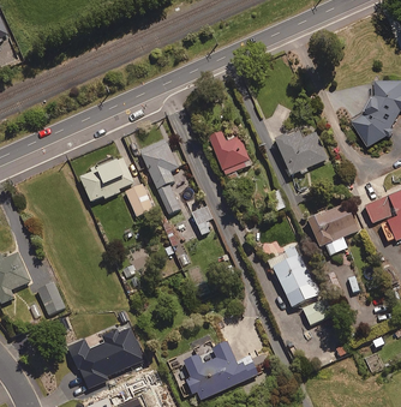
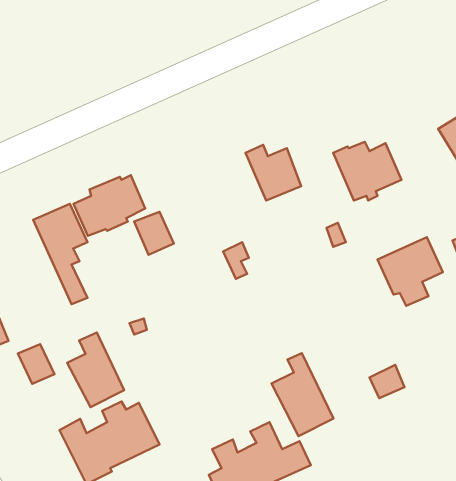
building: [138,137,179,213] -> [33,204,87,304]
building: [271,244,318,306] -> [271,353,334,436]
building: none -> [67,333,124,407]

